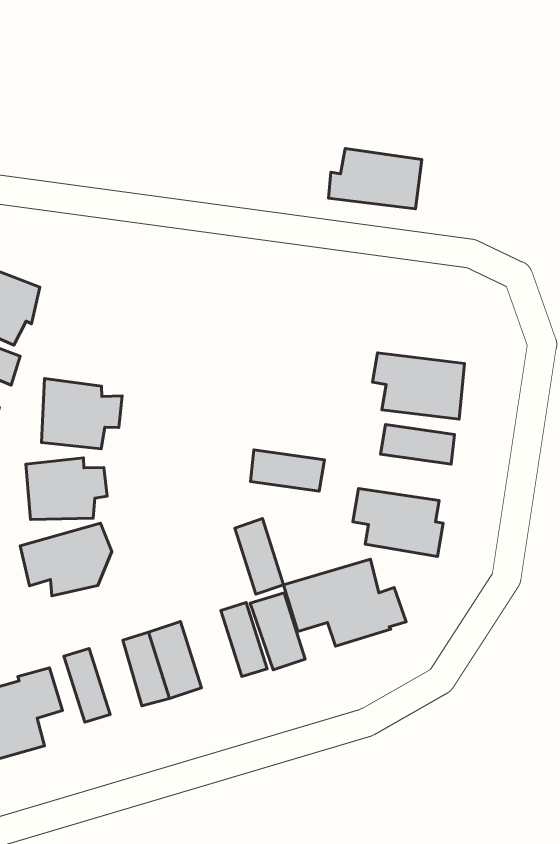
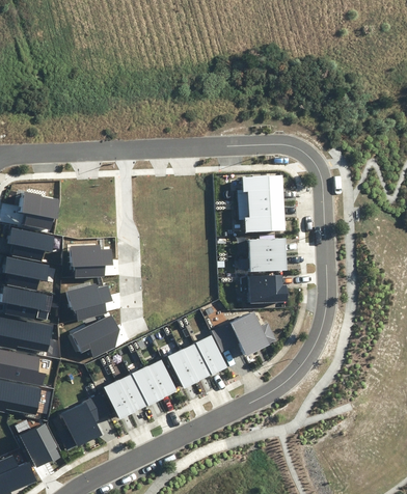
building: [328,148,422,209] -> [237,174,283,202]
building: [250,450,325,491] -> [248,253,286,271]
building: [235,519,284,594] -> [166,349,196,388]
building: none -> [115,373,145,412]

